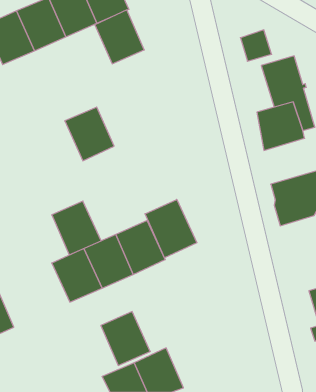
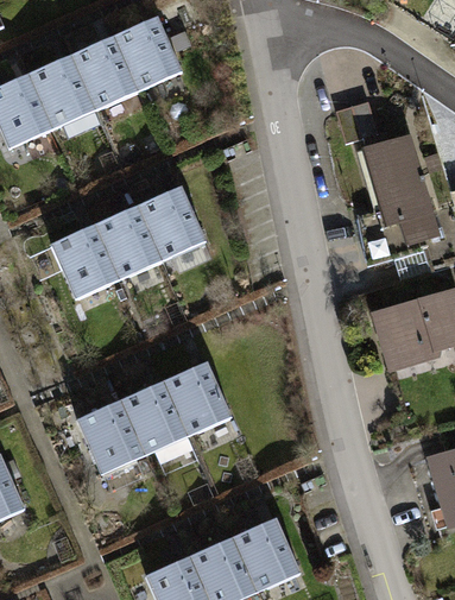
building: [95,10,144,64] -> [138,185,206,259]
building: [145,199,197,258] -> none
building: [52,201,101,255] -> [51,225,119,298]
building: [101,312,150,365] -> [233,517,301,590]

